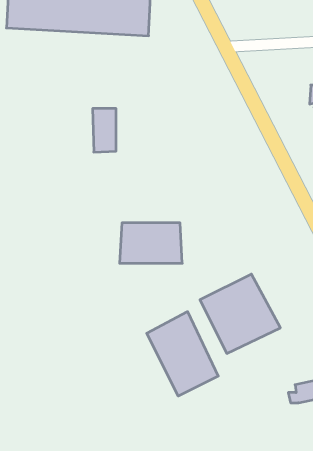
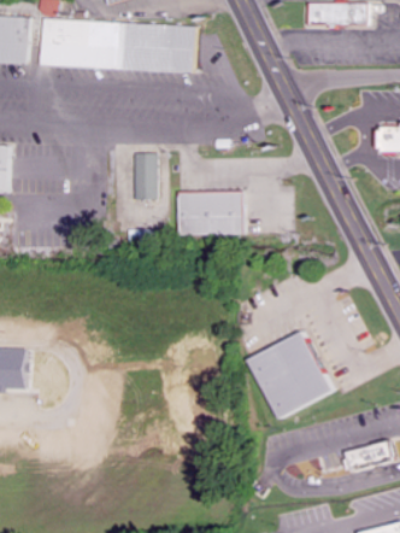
building: [120,223,182,263] -> [177,191,245,234]
building: [147,312,218,396] -> none

